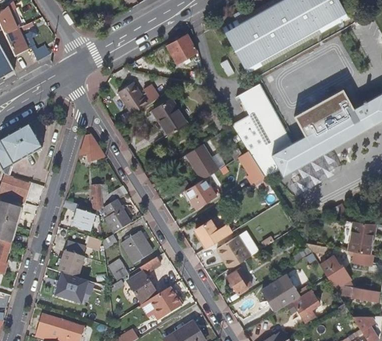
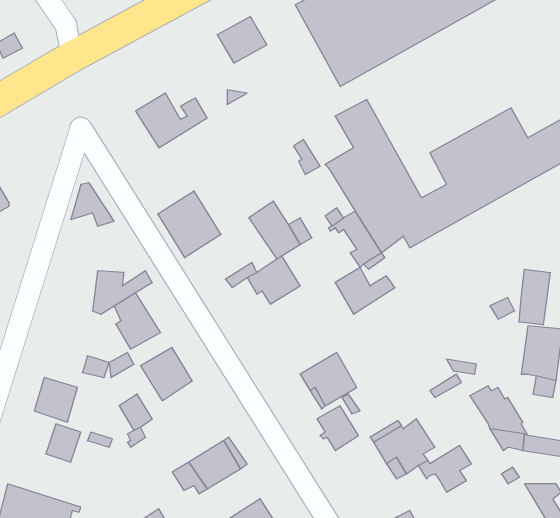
building: [150,97,188,137] -> [158,191,221,258]
building: none -> [519,269,550,325]
building: [64,201,98,231] -> none
building: [196,220,232,248] -> [335,268,395,314]
building: [128,258,161,302] -> none

